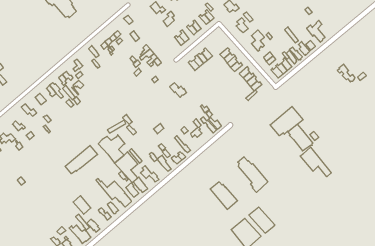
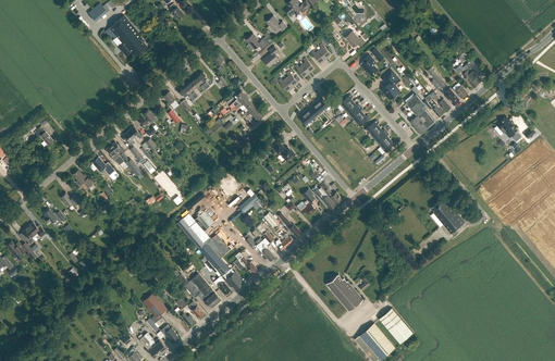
building: [270,106,303,136] -> none
building: [65,145,98,174] -> none
building: [300,147,331,177] -> none
building: [238,157,268,192] -> none

